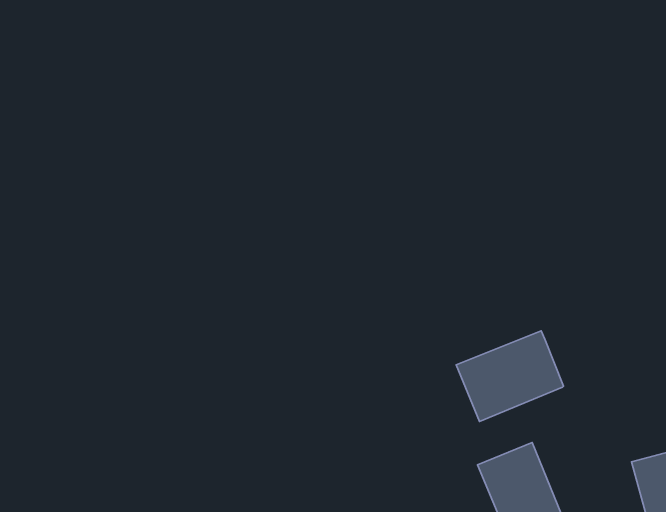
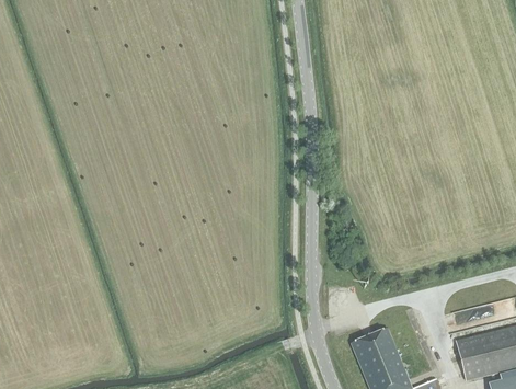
building: [456,331,563,422] -> none

